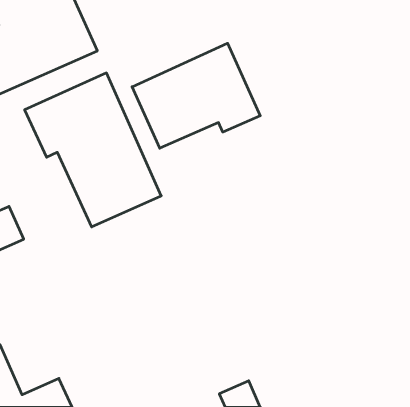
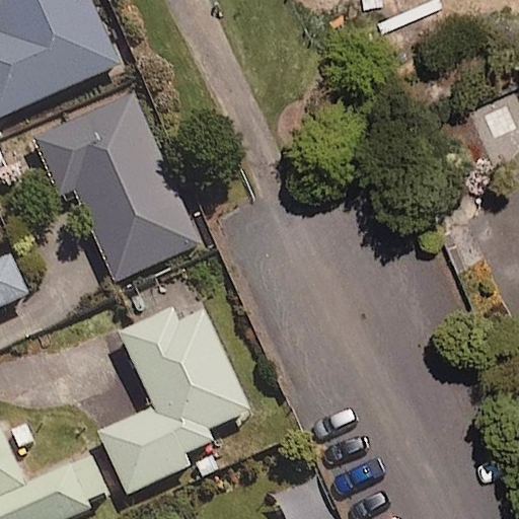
building: [132,43,260,148] -> none
building: none -> [97,308,251,494]

